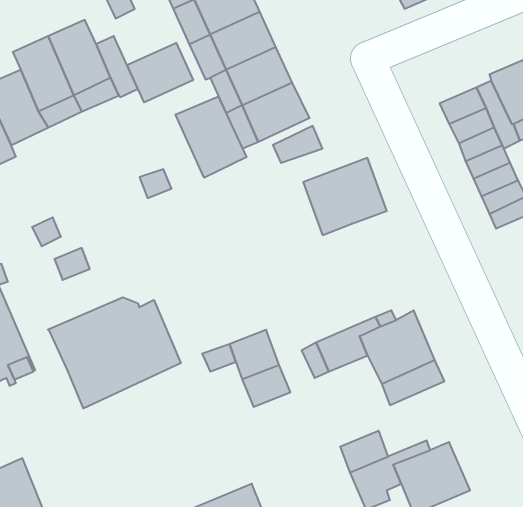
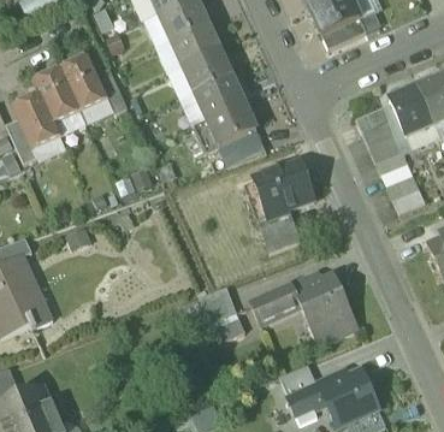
building: [127,43,193,102] -> none
building: [176,97,246,178] -> none
building: none -> [259,208,300,251]
building: [48,297,181,408] -> none

